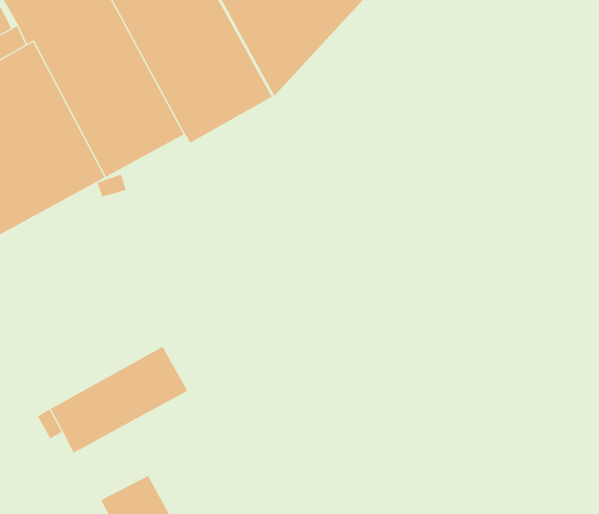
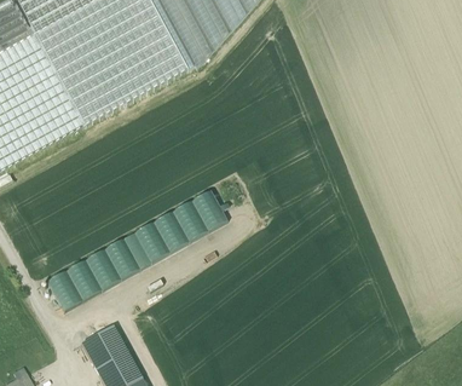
building: none -> [135,189,229,261]

